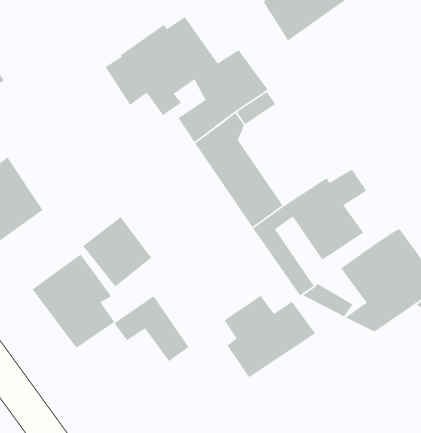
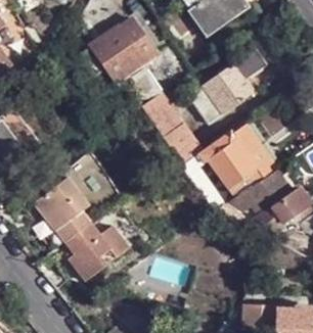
building: none -> [189,47,266,122]
building: [224,295,316,378] -> [60,229,124,286]

